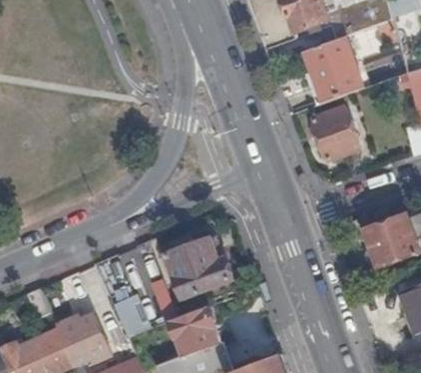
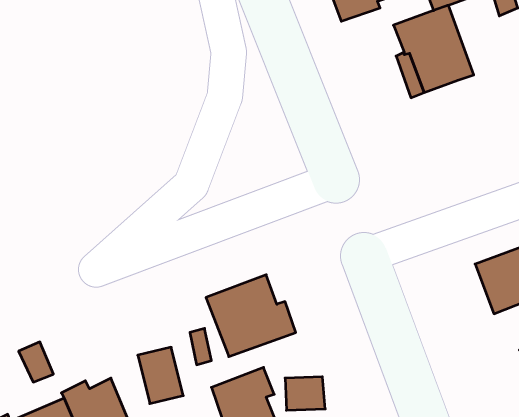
building: [313,107,359,159] -> none

